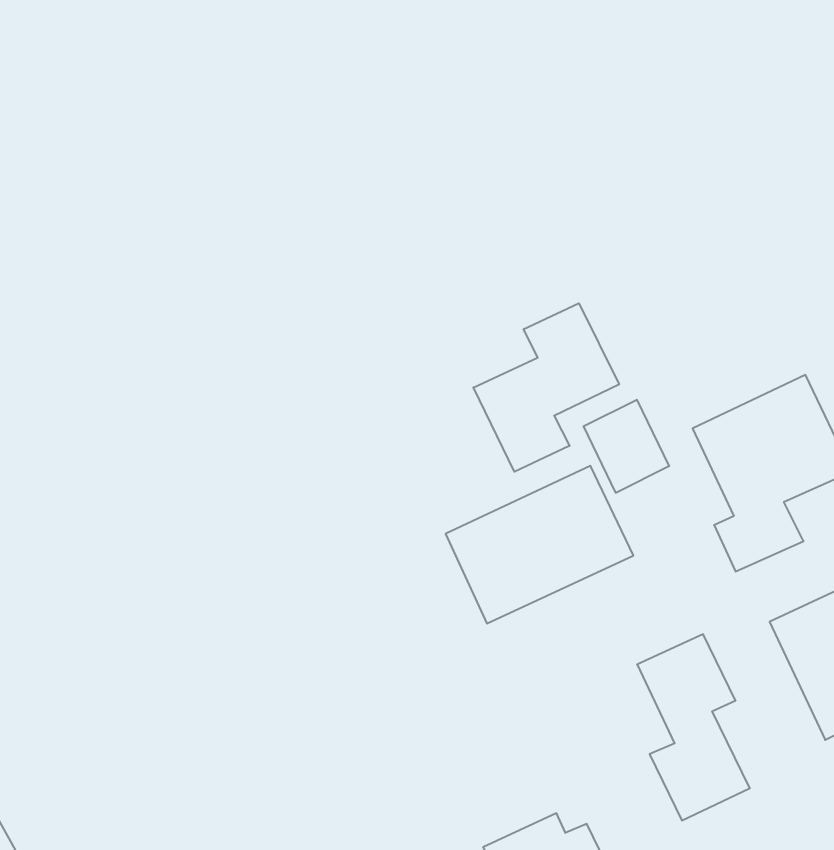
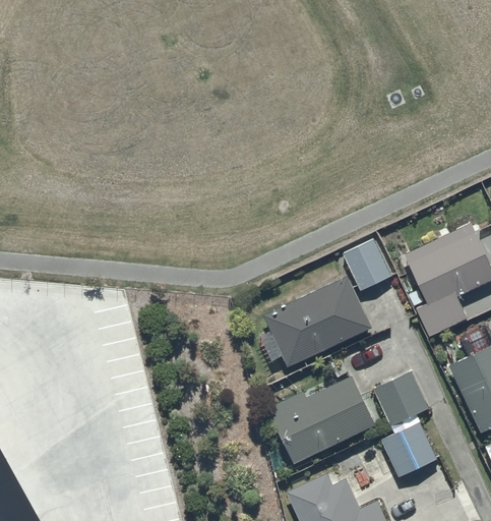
building: [473,303,619,472] -> none
building: none -> [266,375,374,463]

